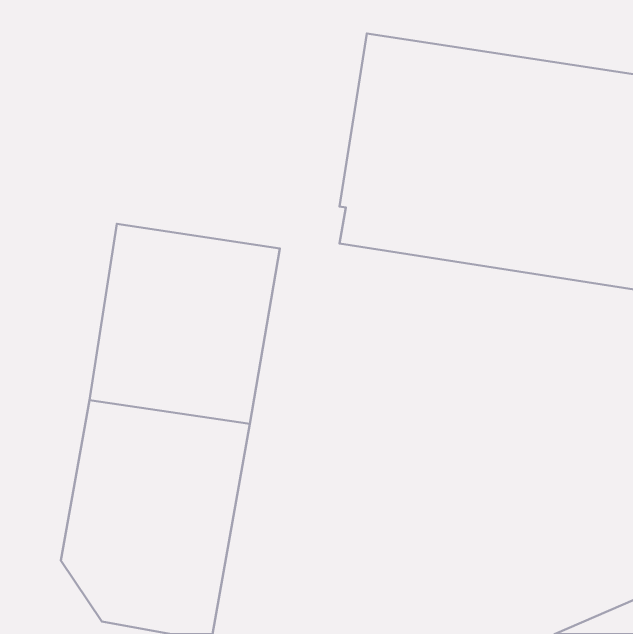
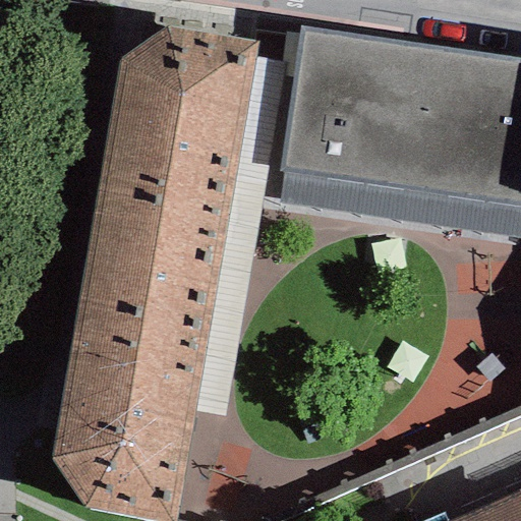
building: none -> [98,26,258,204]

